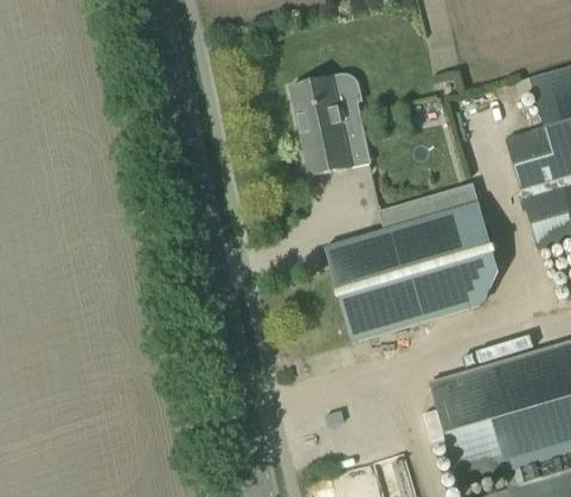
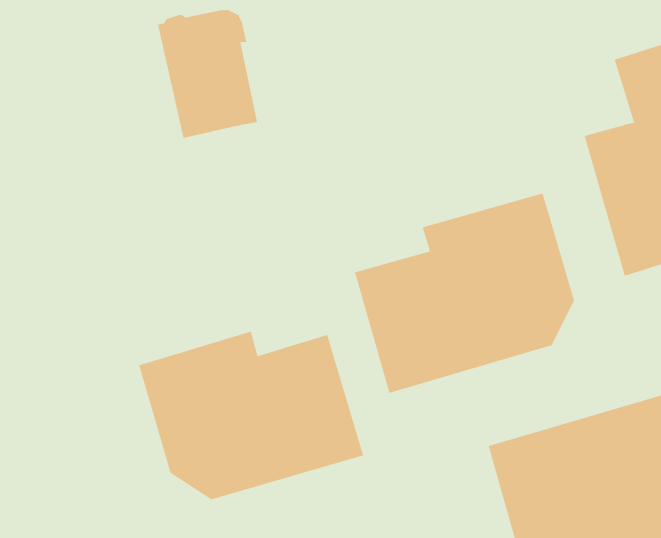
building: [290,74,370,176] -> [157,10,258,139]
building: none -> [139,331,364,500]

